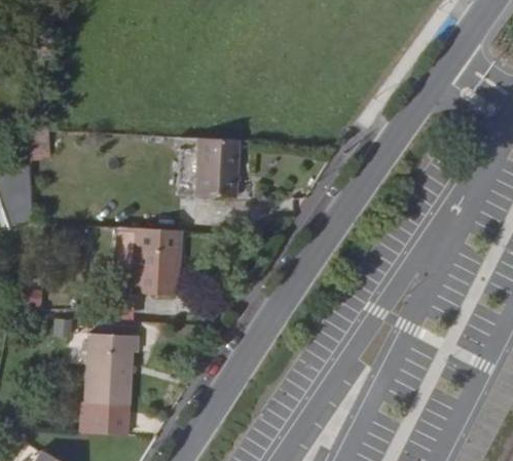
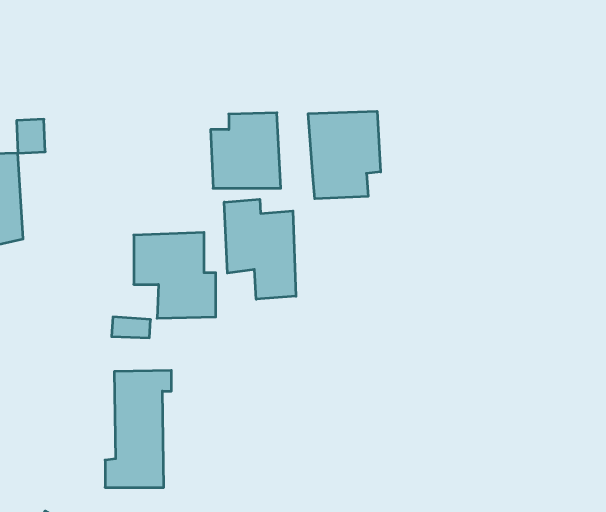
building: none -> [308,111,381,199]
building: none -> [224,199,296,299]

